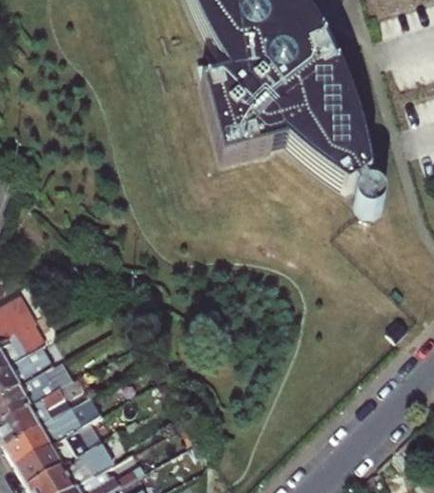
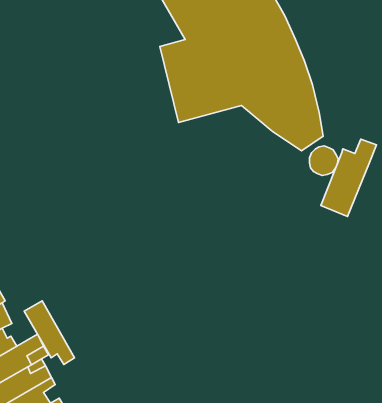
building: none -> [321,139,377,217]
building: none -> [24,301,75,364]

